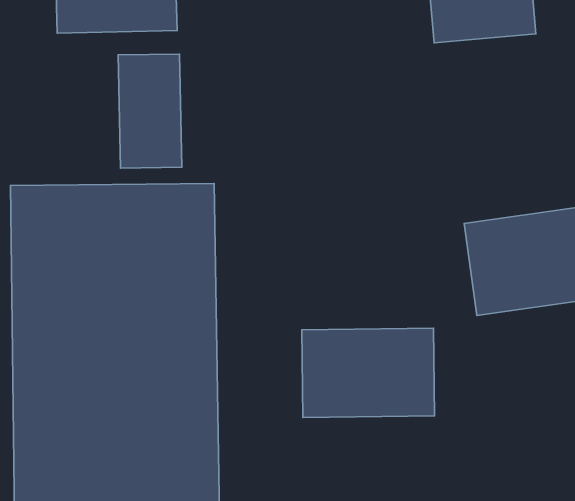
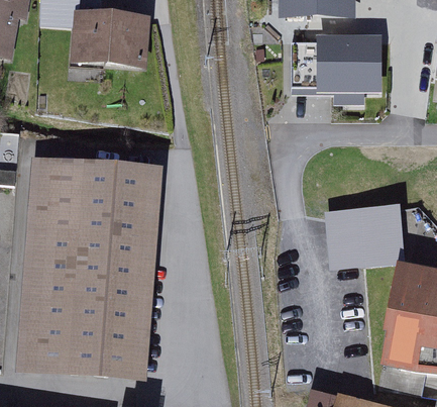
building: [118,54,182,168] -> none
building: [302,328,434,417] -> none

